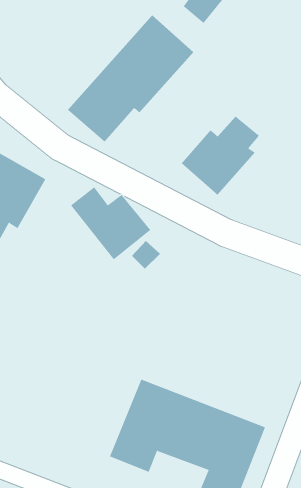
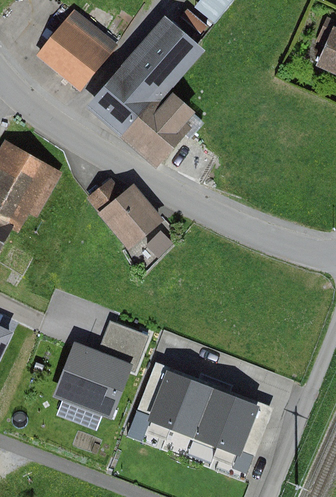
building: none -> [36,9,118,91]
building: [181,116,260,196] -> [120,92,195,168]
building: none -> [52,320,149,431]

